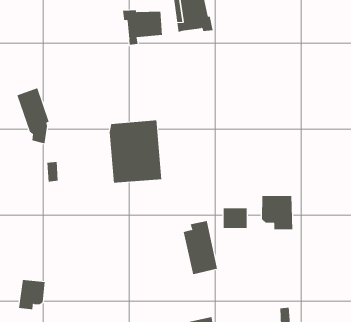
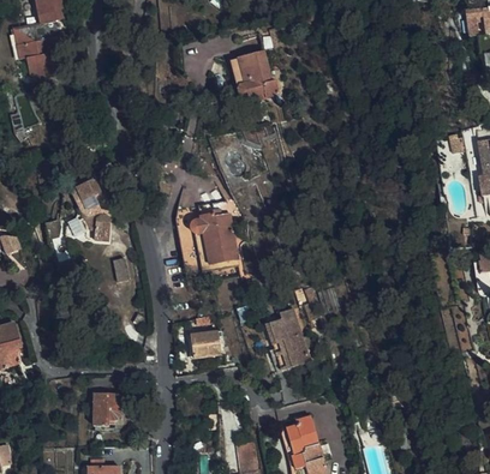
building: [122,10,163,46] -> none
building: [262,195,293,230] -> none
building: none -> [190,326,220,356]

